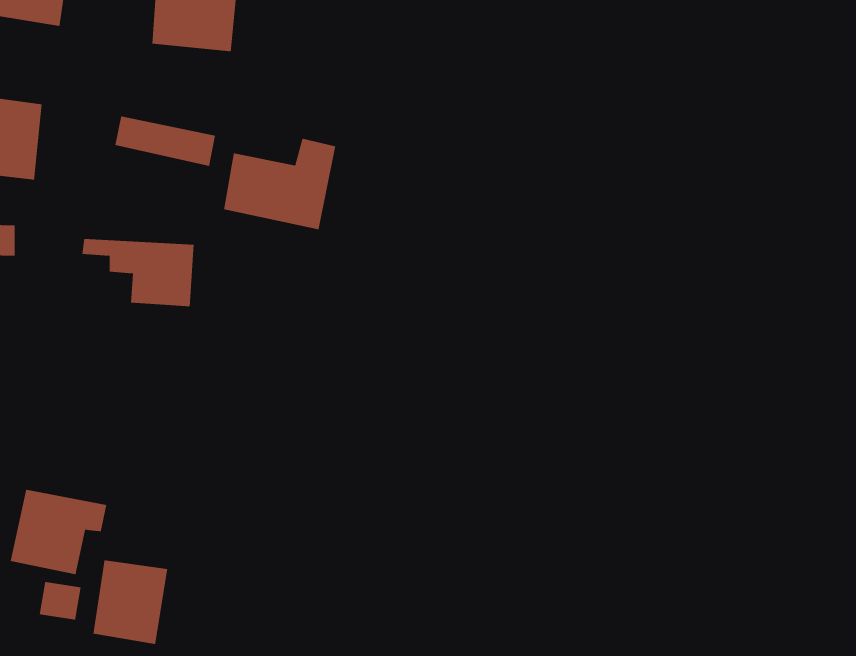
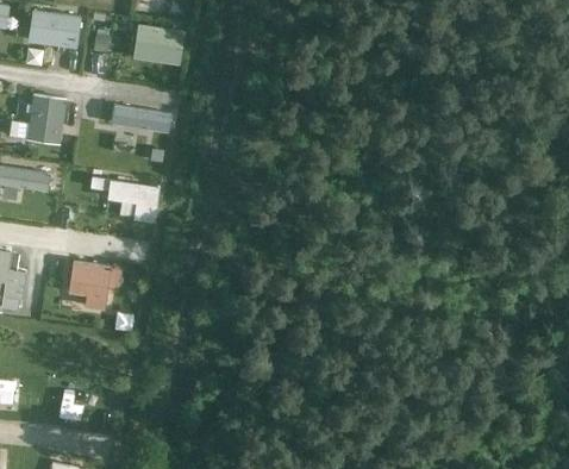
building: [224,138,336,230] -> none
building: [10,489,107,575] -> [63,261,123,313]
building: [93,559,168,645] -> none

